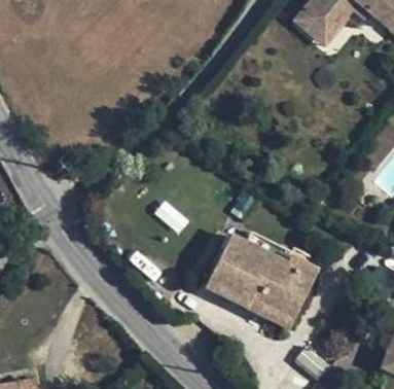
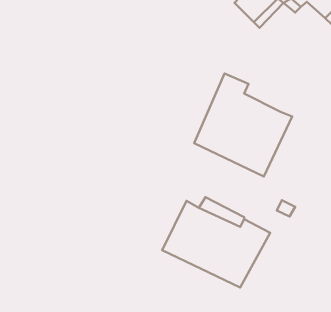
building: none -> [194,74,292,177]

